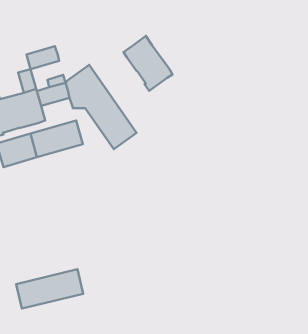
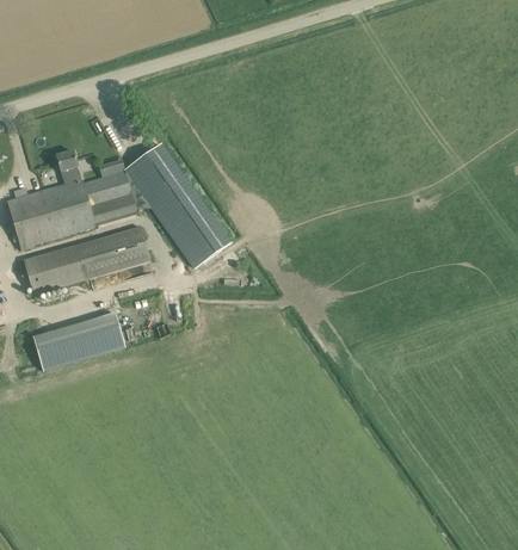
building: [124,36,173,91] -> none
building: [26,46,59,69] -> [88,192,136,225]
building: [16,269,83,309] -> [33,313,131,370]

